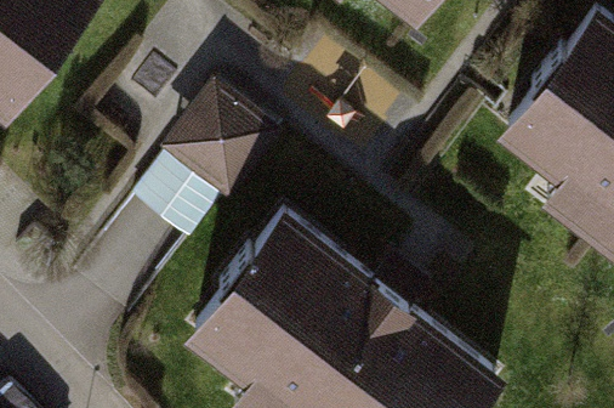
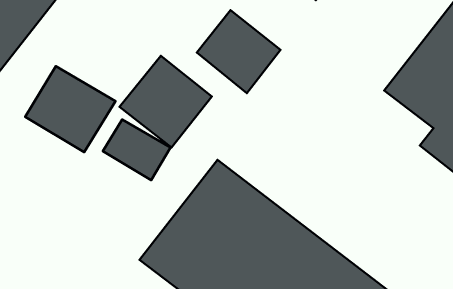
building: none -> [197,10,280,93]
building: none -> [25,66,116,152]

